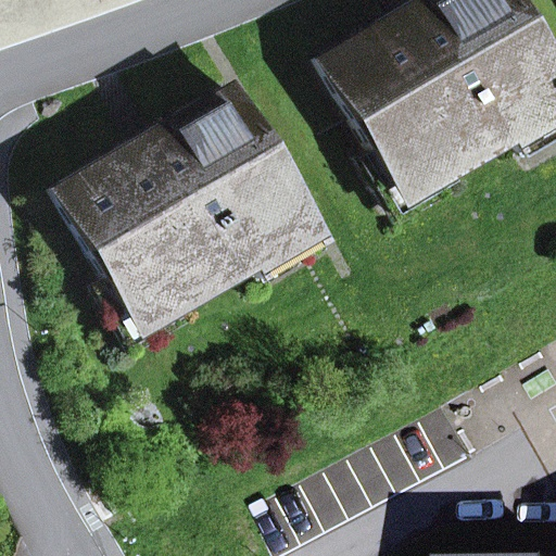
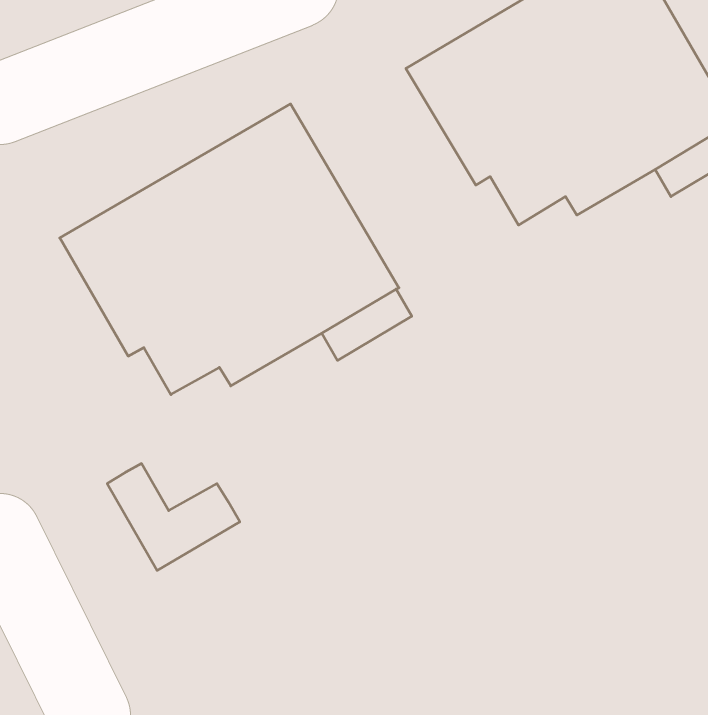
building: [363,135,464,216] -> none
building: [99,265,200,346] -> [107,464,240,570]

